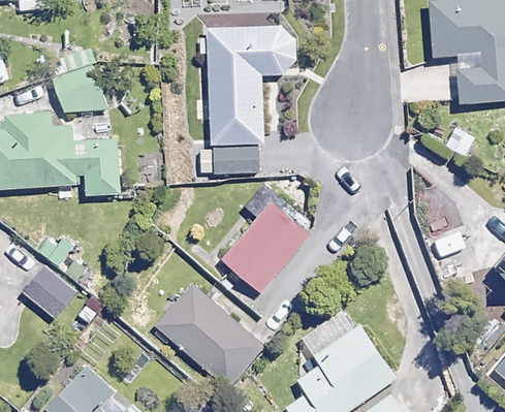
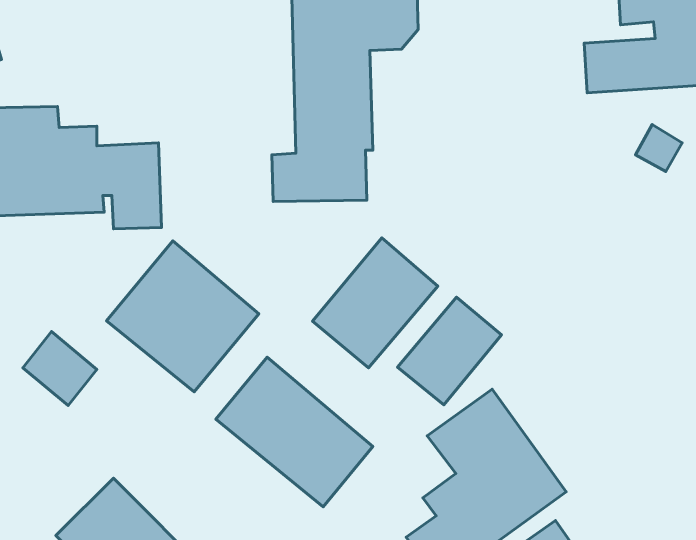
building: [58,71,105,114] -> none
building: none -> [106,241,259,392]
building: none -> [398,297,502,405]

